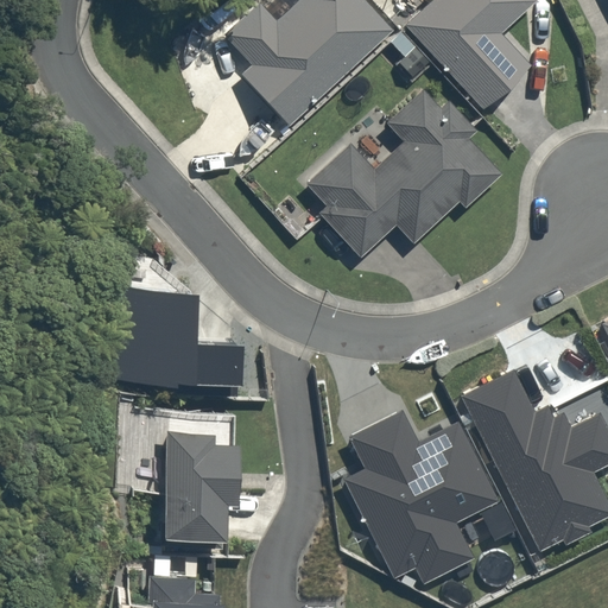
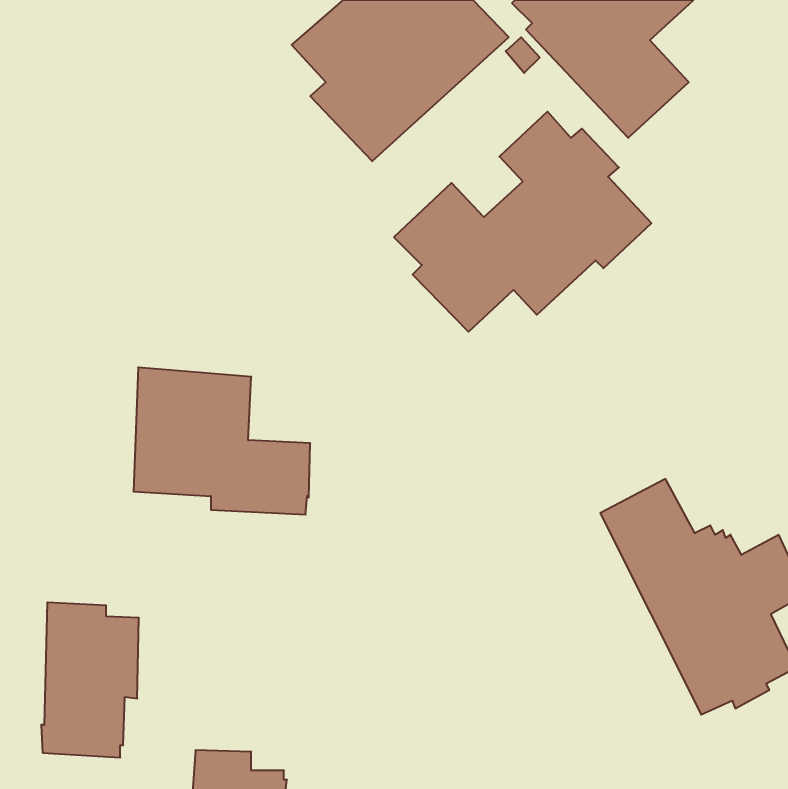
building: [344,408,500,583] -> none
building: [163,430,238,549] -> [41,602,139,757]

